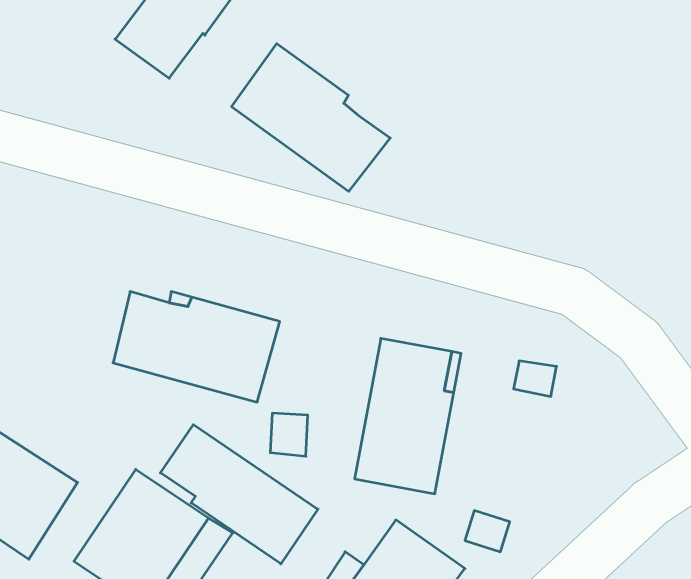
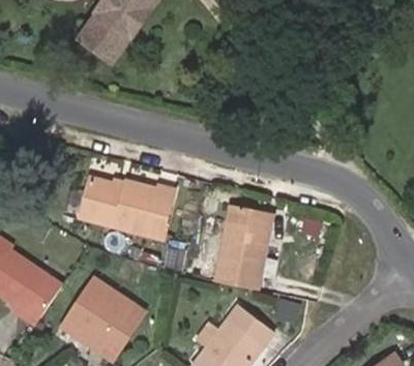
building: [232,44,390,191] -> none
building: [160,425,318,564] -> none

